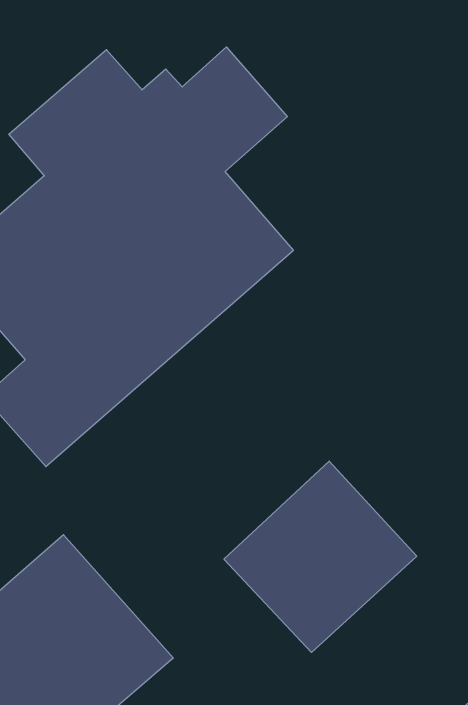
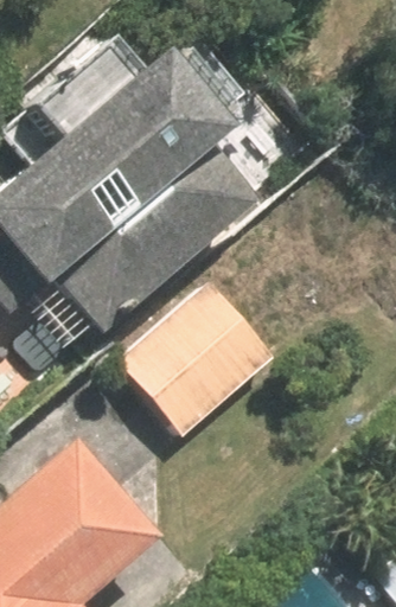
building: [224,461,417,652] -> [116,286,270,439]

